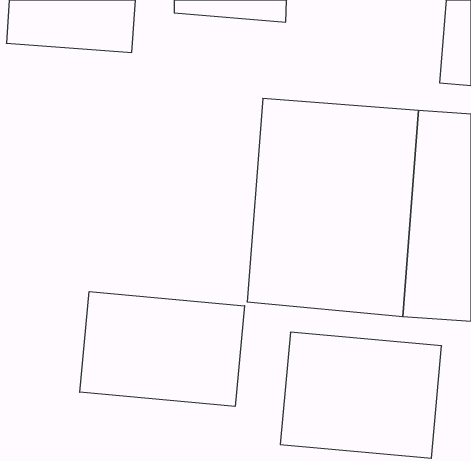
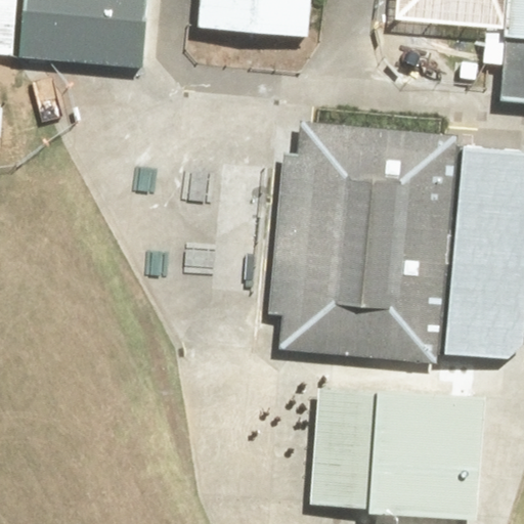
building: [80,292,245,406] -> none

